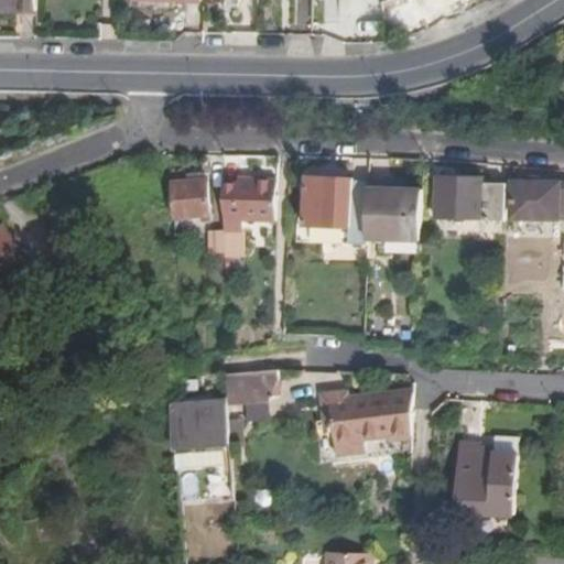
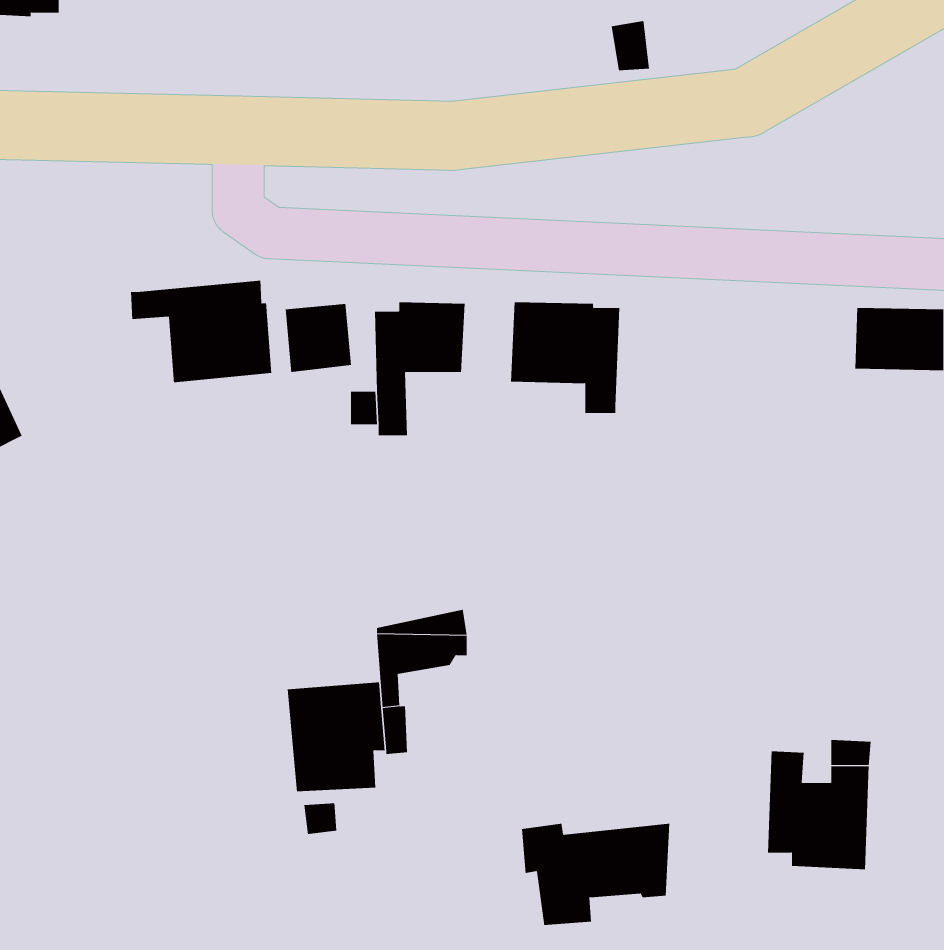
building: none -> [131,280,272,383]
building: [433,176,501,219] -> none
building: [365,182,419,242] -> none
building: [324,388,412,448] -> [521,823,670,926]

